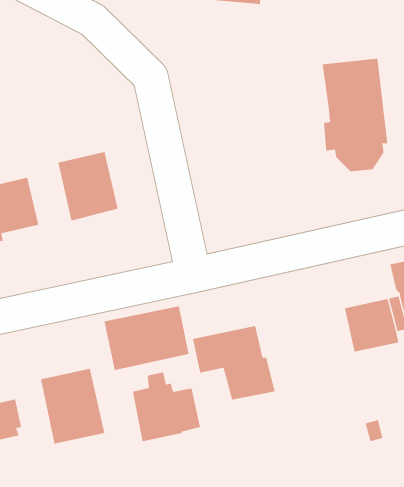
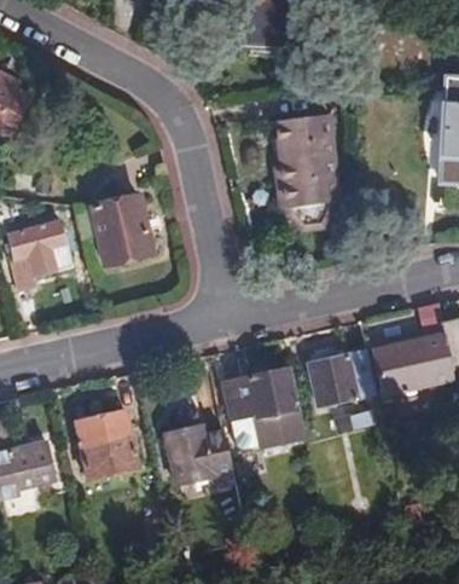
building: [322,58,388,172] -> [278,114,343,226]
building: [104,306,189,371] -> none
building: none -> [309,351,377,406]

